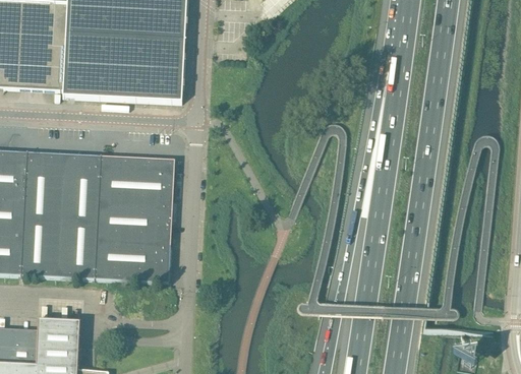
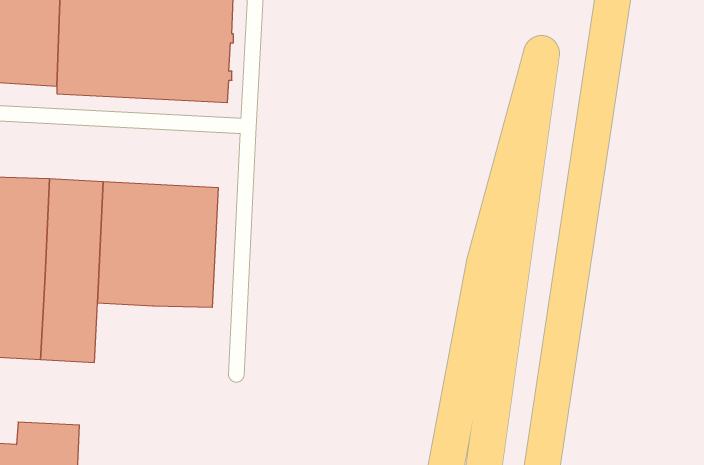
building: [90,237,170,282] -> none

